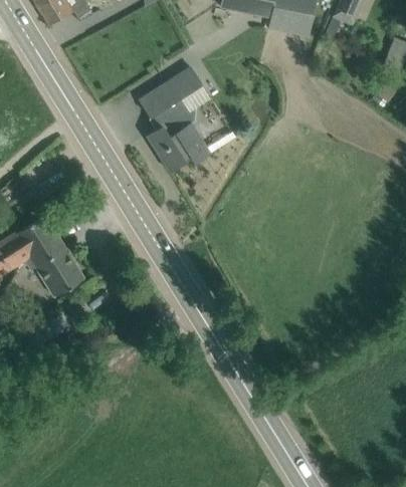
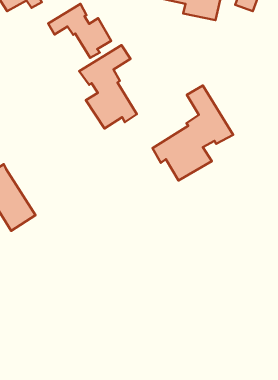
building: none -> [48,4,111,58]
building: none -> [152,86,233,180]

